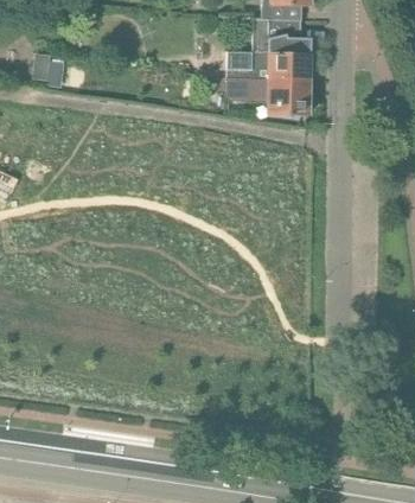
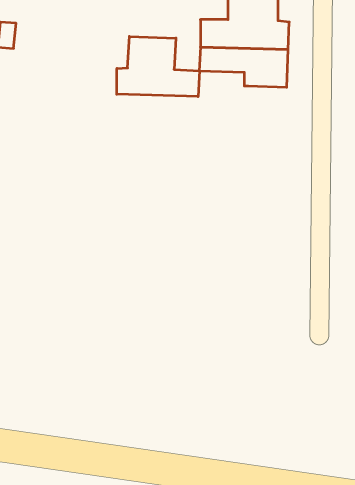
building: none -> [117,36,200,97]

